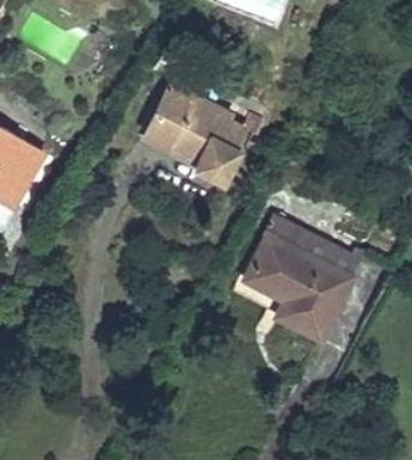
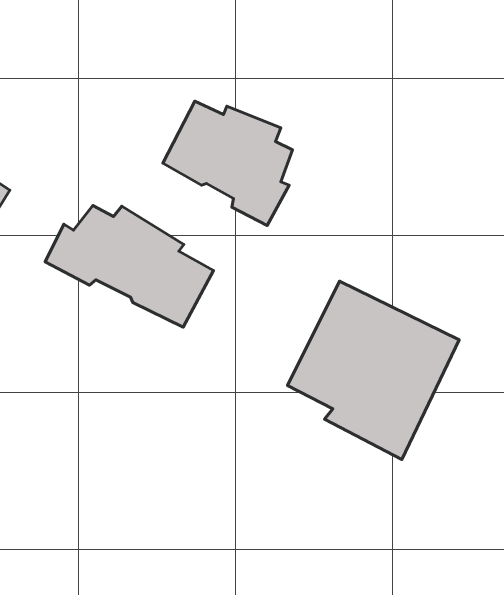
building: none -> [45,205,213,327]

